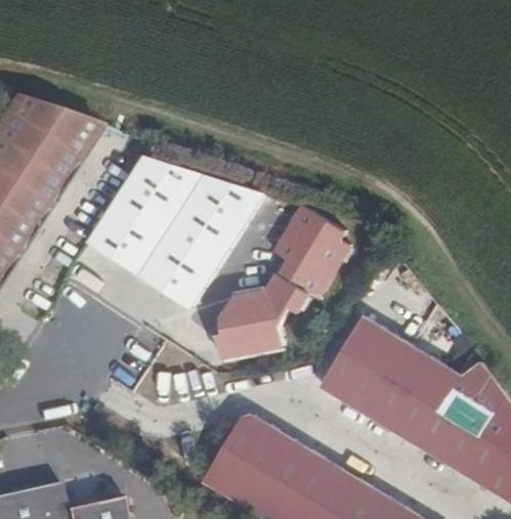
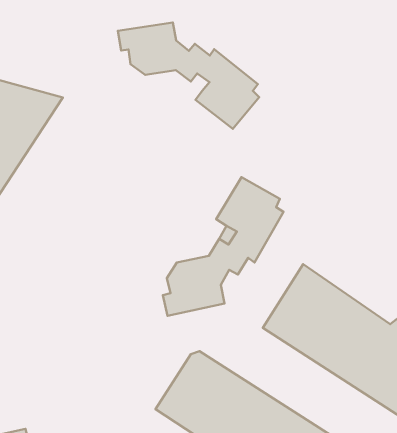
building: none -> [118,23,259,129]
building: [94,159,271,307] -> none

